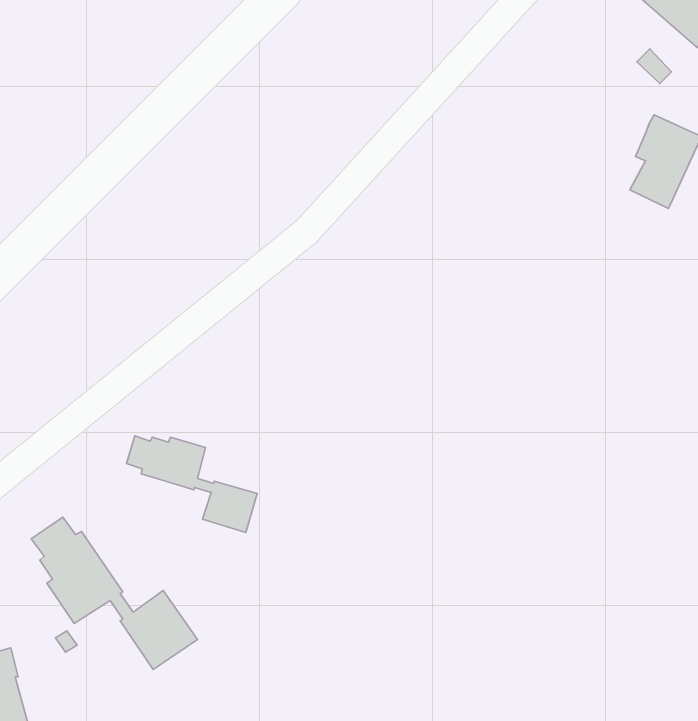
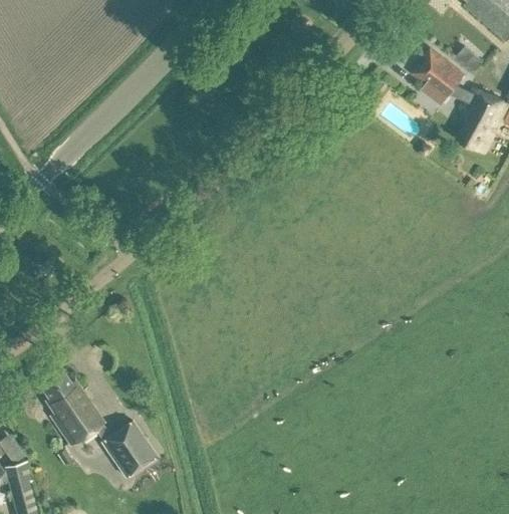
building: none -> [412,51,473,105]
building: [127,436,257,533] -> none

